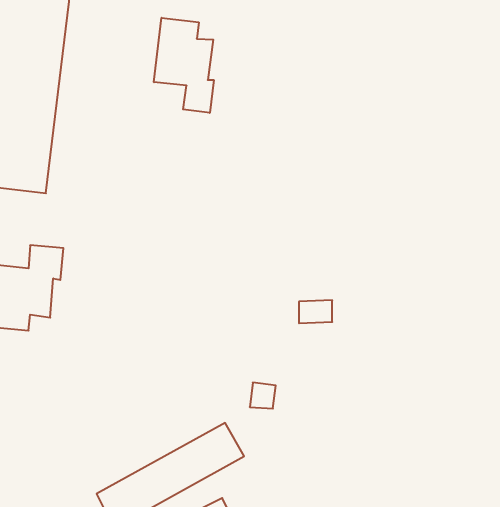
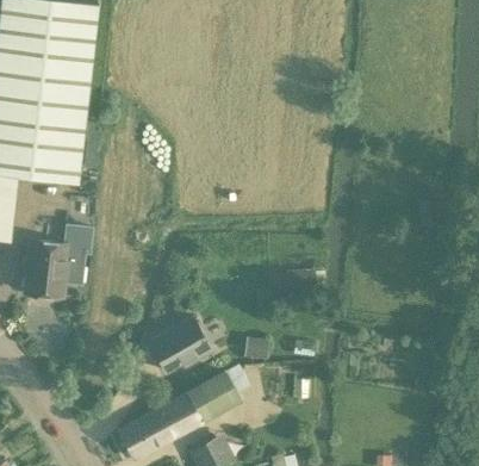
building: [154,18,214,113] -> none
building: none -> [149,321,213,375]

